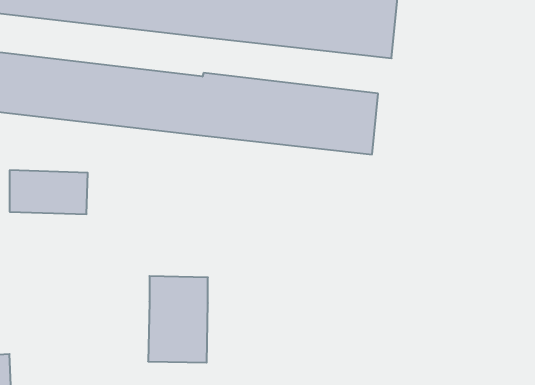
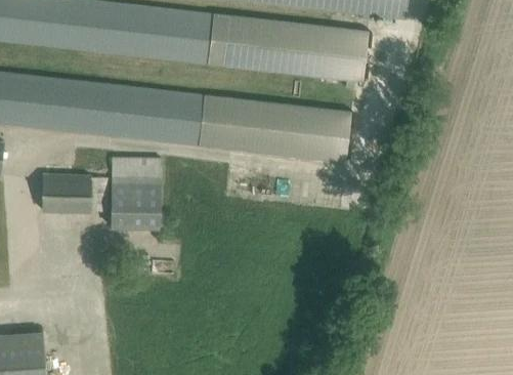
building: [148,276,208,363] -> [111,157,161,230]

